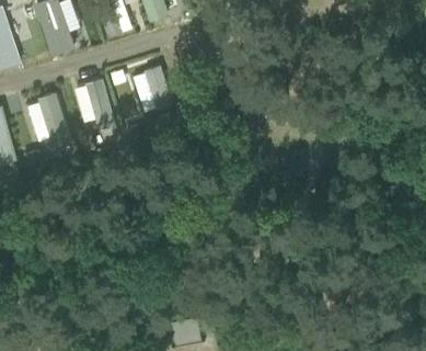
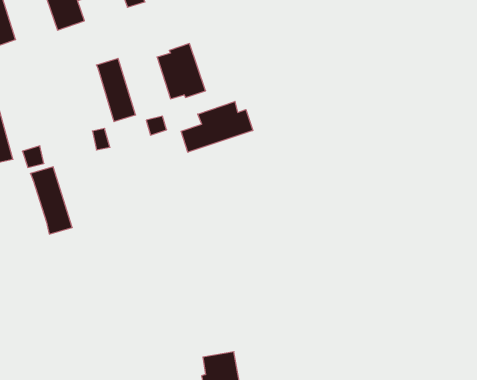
building: [36,92,70,147] -> [30,167,72,234]
building: none -> [181,101,253,152]

